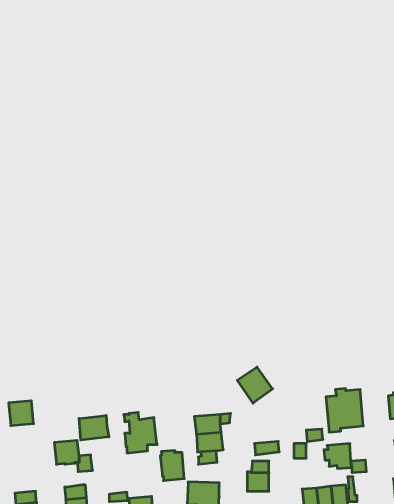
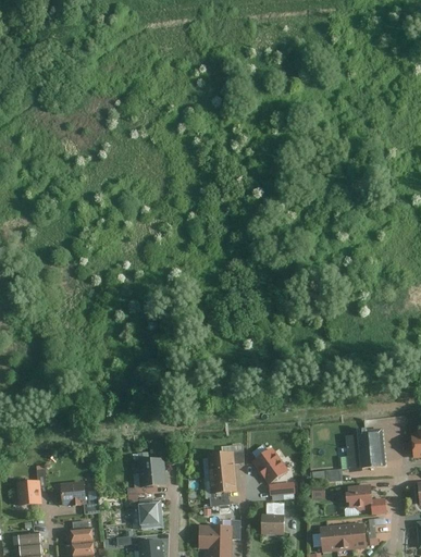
building: [237,367,273,403] -> [251,447,288,485]
building: [9,401,34,426] -> [15,480,41,506]
building: [79,415,109,440] -> none
building: [160,451,184,481] -> [137,497,162,529]

